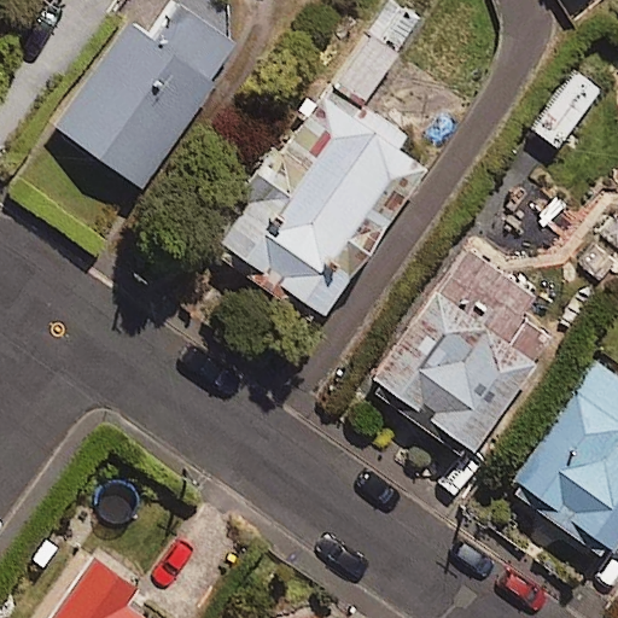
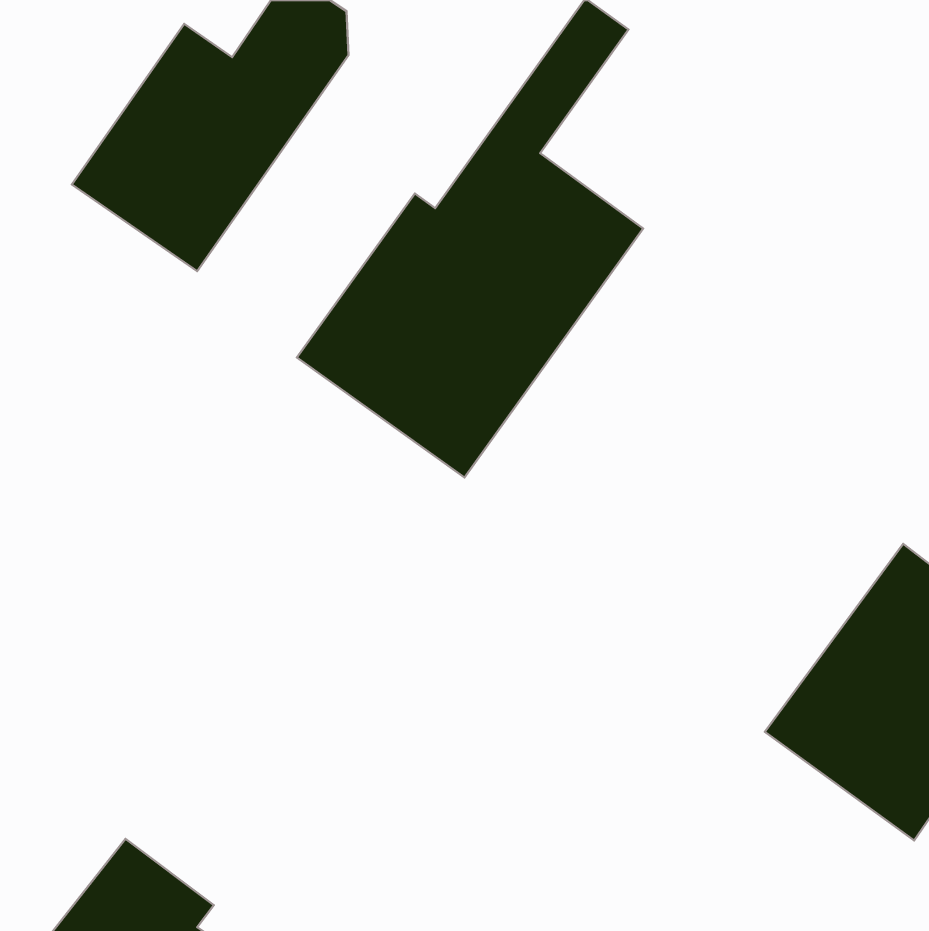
building: [373,252,550,453] -> none

